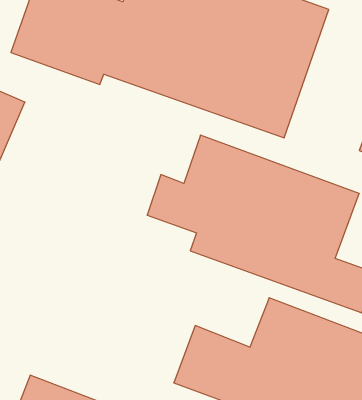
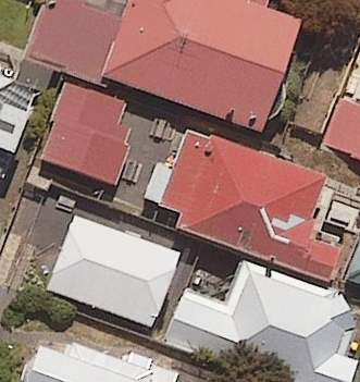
building: none -> [40,82,129,182]
building: none -> [48,219,177,326]

